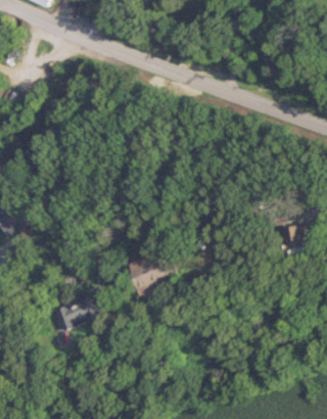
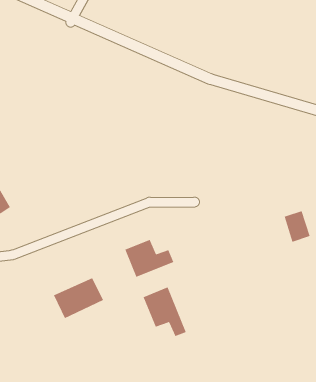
building: none -> [143,287,187,337]

